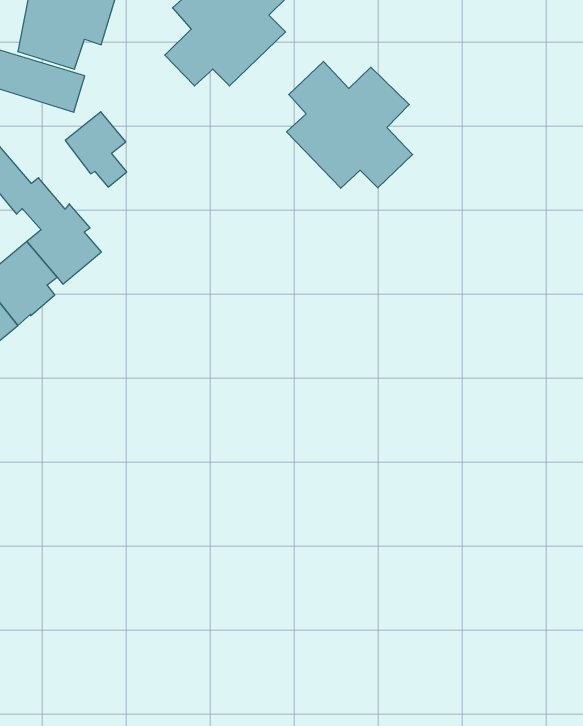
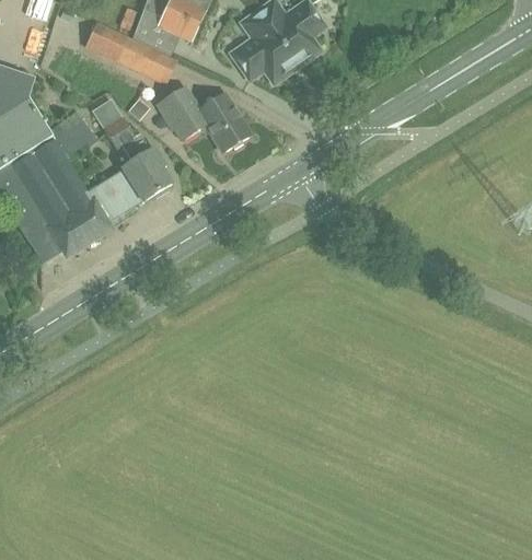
building: [287,61,413,188] -> none
building: none -> [187,93,250,152]

